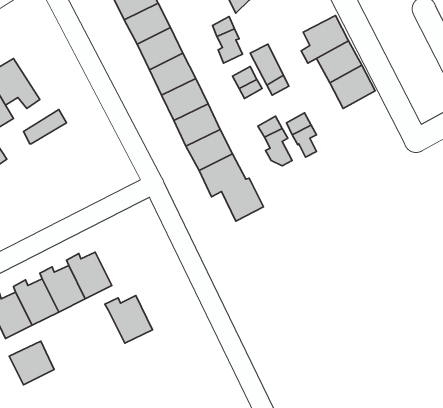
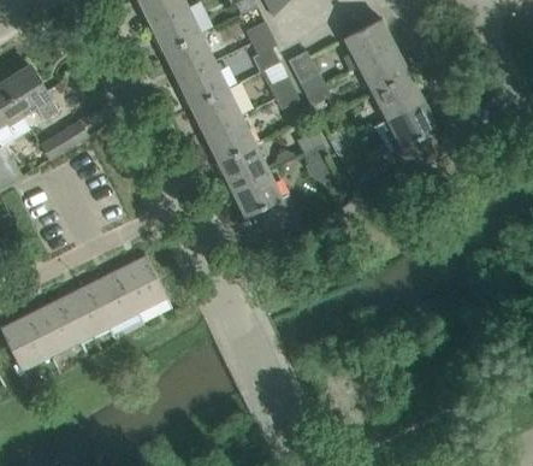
building: none -> [377,101,442,171]
building: [105,295,152,343] -> [116,261,167,313]
building: [9,341,54,385] -> none

